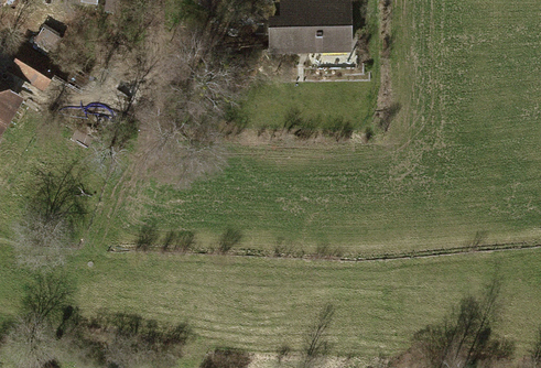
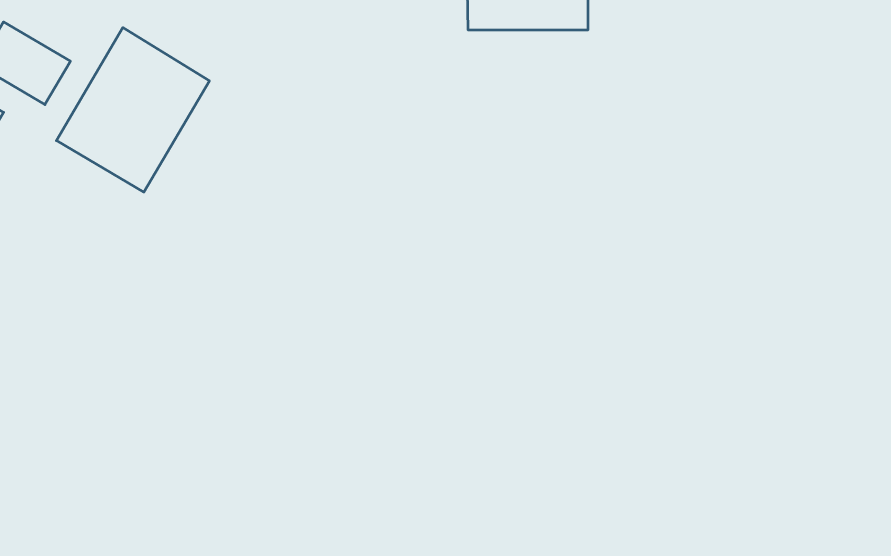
building: none -> [56,28,209,192]

